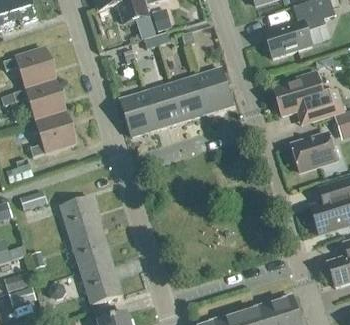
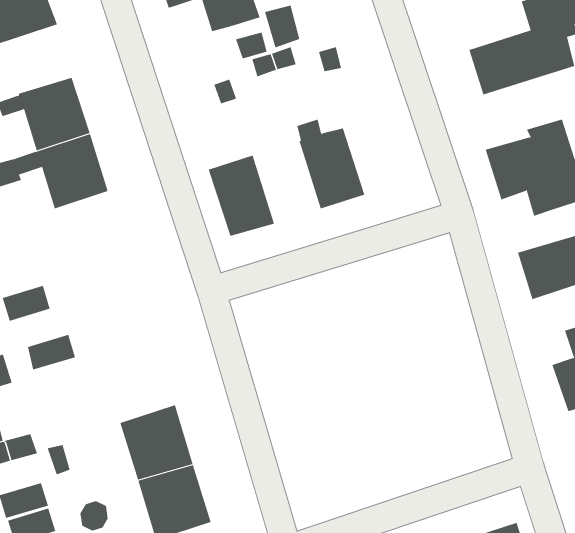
building: [195,67,232,112] -> none
building: [145,82,182,128] -> none
building: [30,110,75,156] -> none
building: [60,195,102,238] -> none

